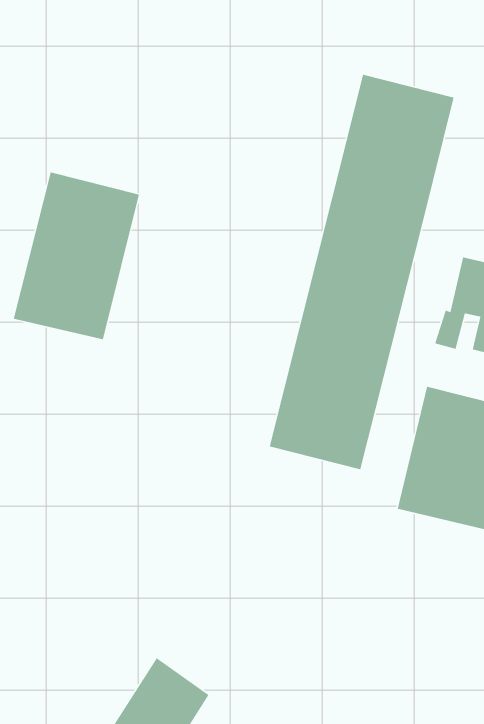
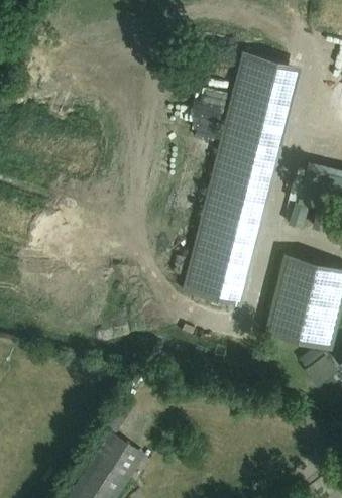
building: [13,172,140,340] -> none

